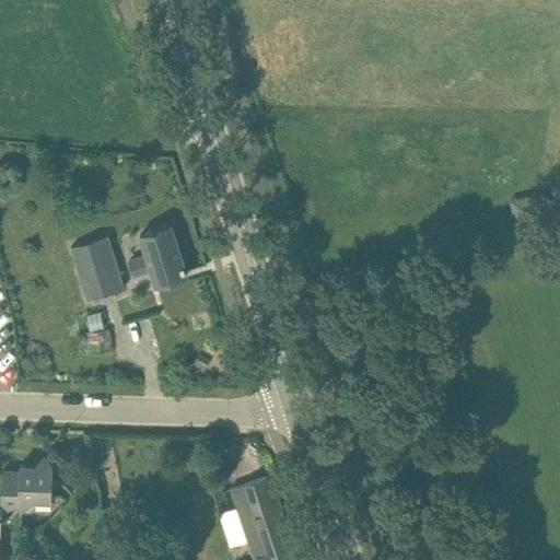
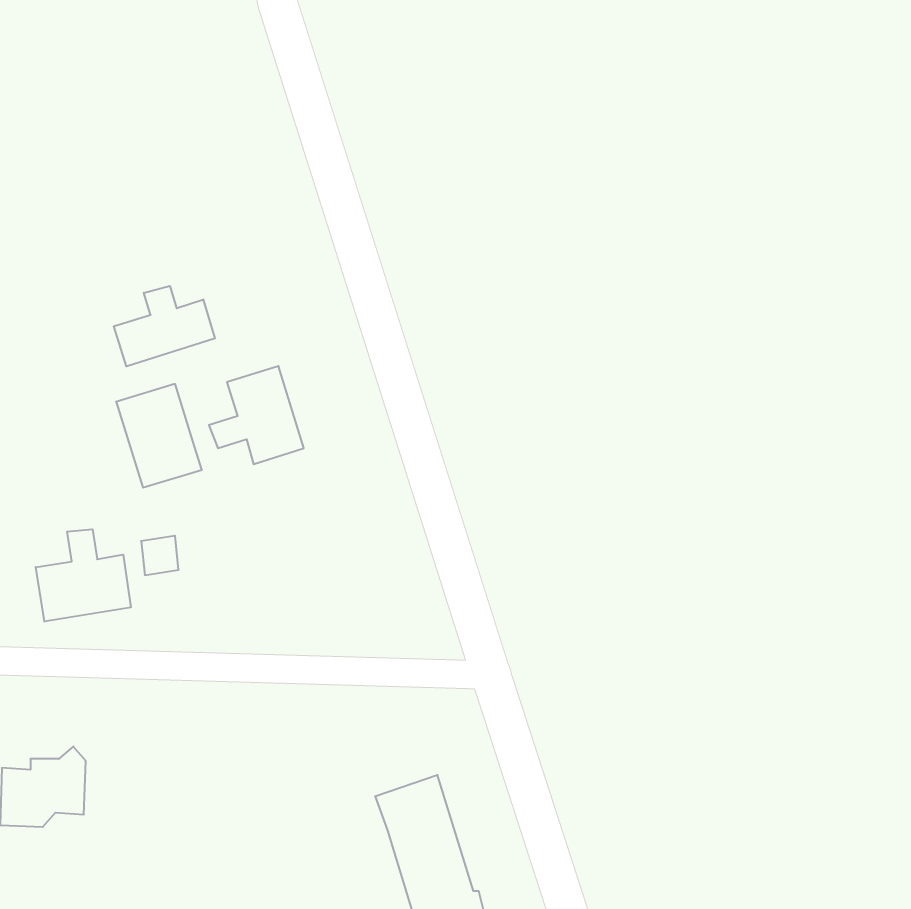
building: none -> [114,286,215,366]
building: none -> [36,529,131,622]

